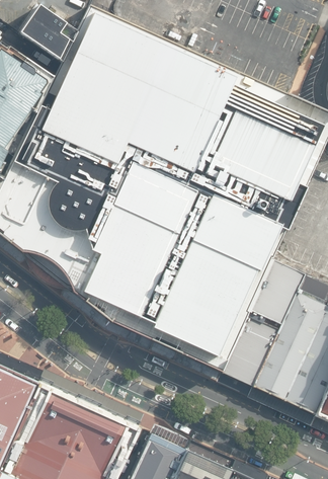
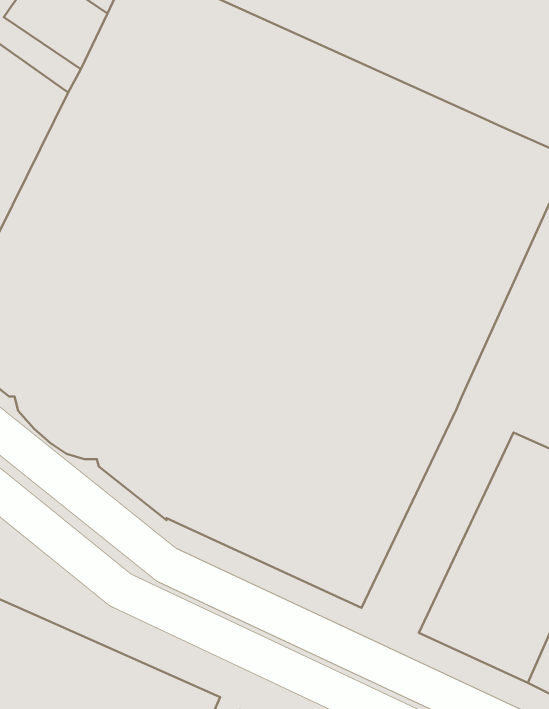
building: [221,261,307,388] -> none

